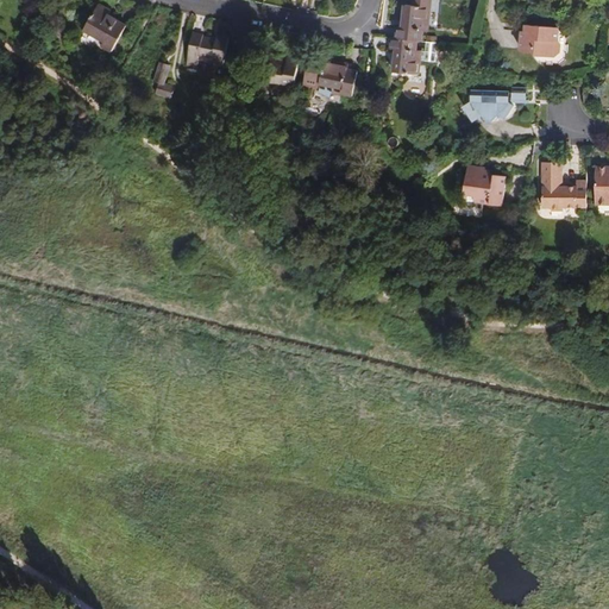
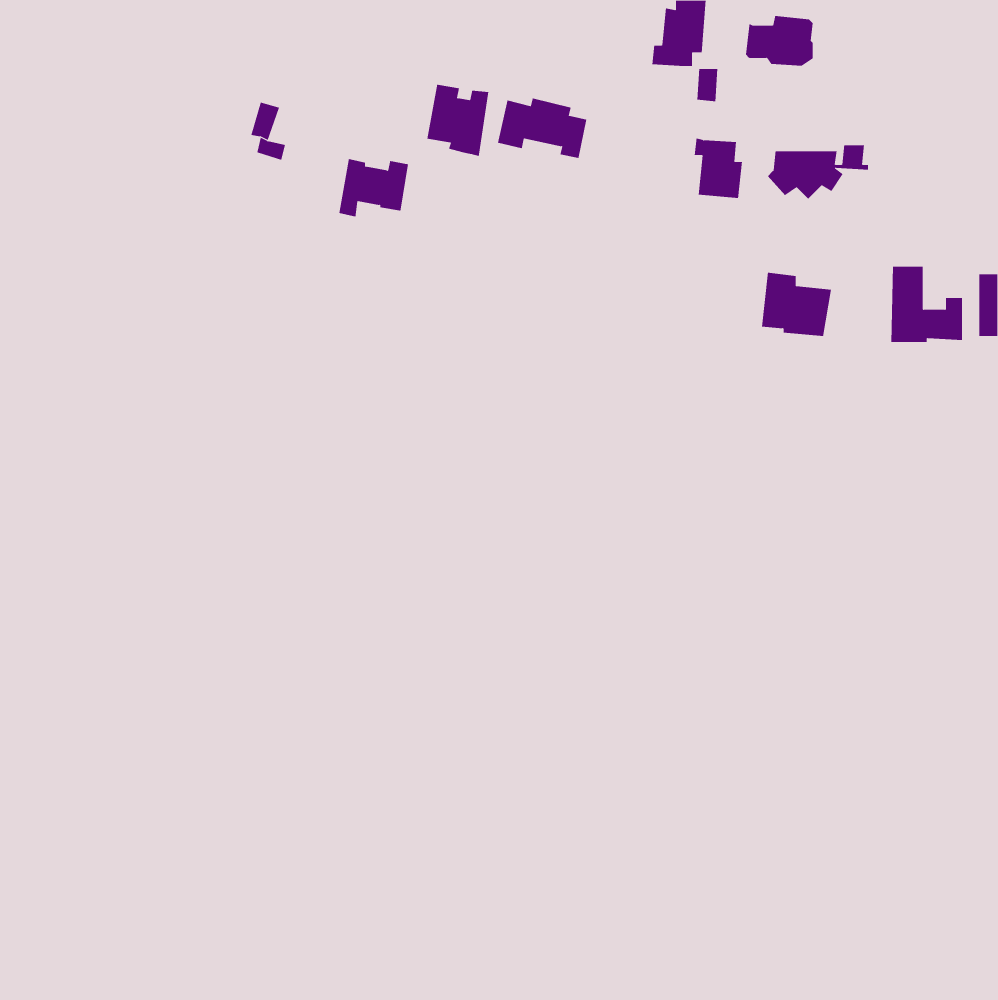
building: [83,5,126,51] -> none
building: [519,26,560,57] -> [745,15,813,66]
building: [186,33,228,69] -> [338,158,409,217]
building: [390,38,420,75] -> [694,138,743,199]

